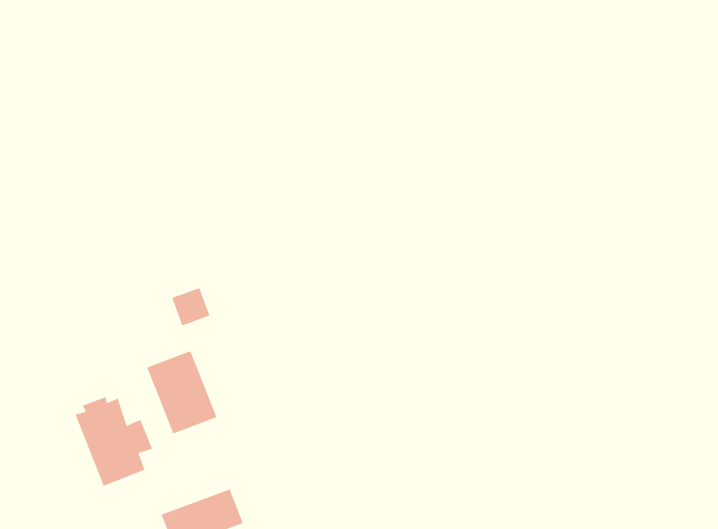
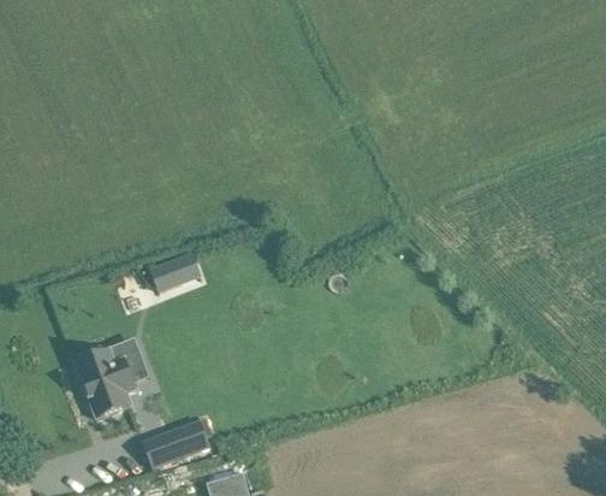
building: [146,350,217,434] -> none

